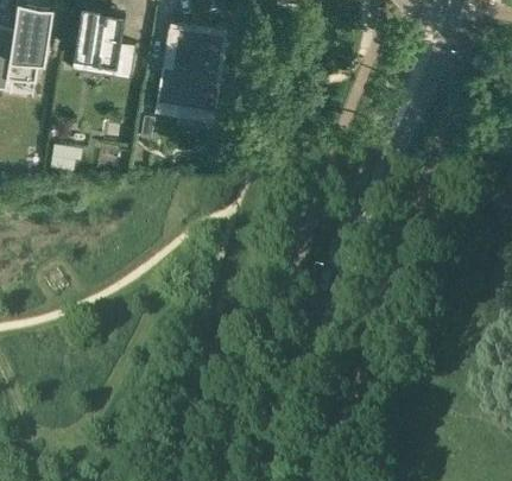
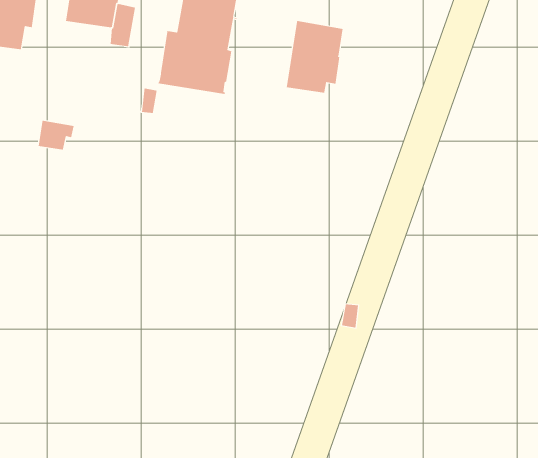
building: none -> [286,20,343,93]

